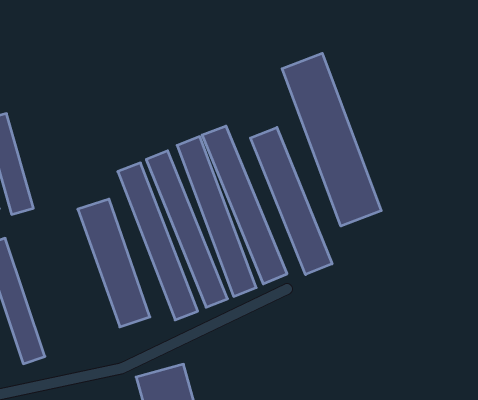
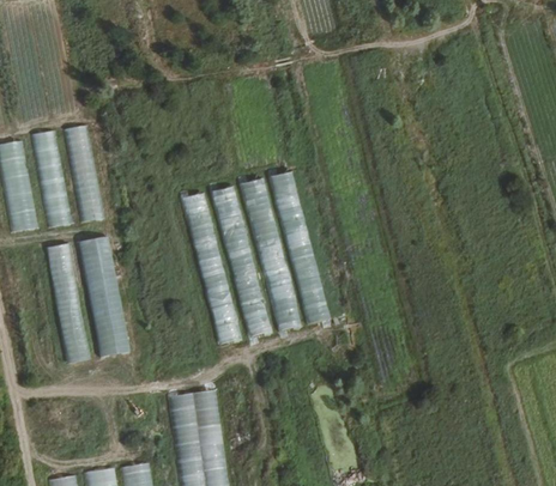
building: [282,53,381,226] -> none
building: [250,127,332,275] -> none
building: [78,199,150,327] -> [78,235,129,357]

